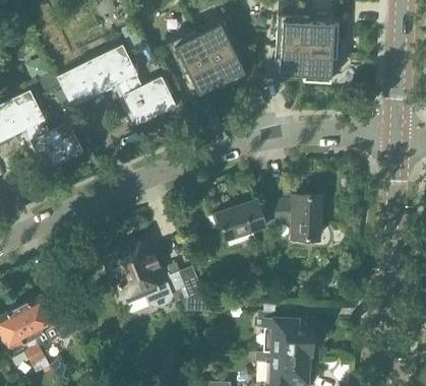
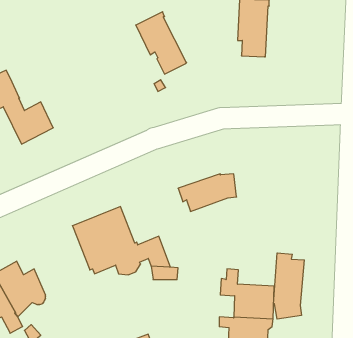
building: [197,20,247,88] -> none
building: [304,22,339,83] -> none
building: [57,45,173,123] -> none
building: [271,195,320,243] -> none
building: none -> [273,253,304,319]

